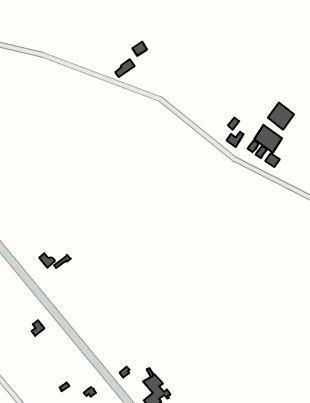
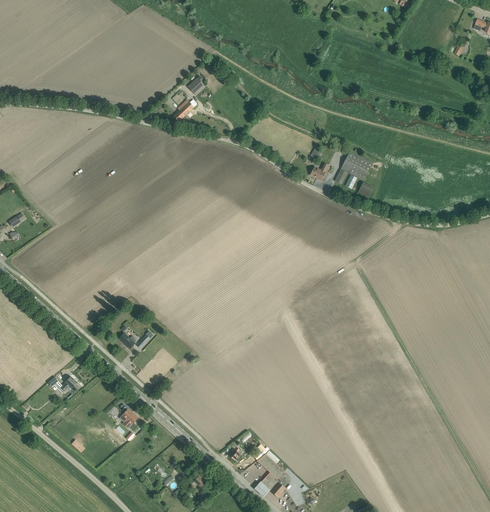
building: [268,103,294,130] -> none

